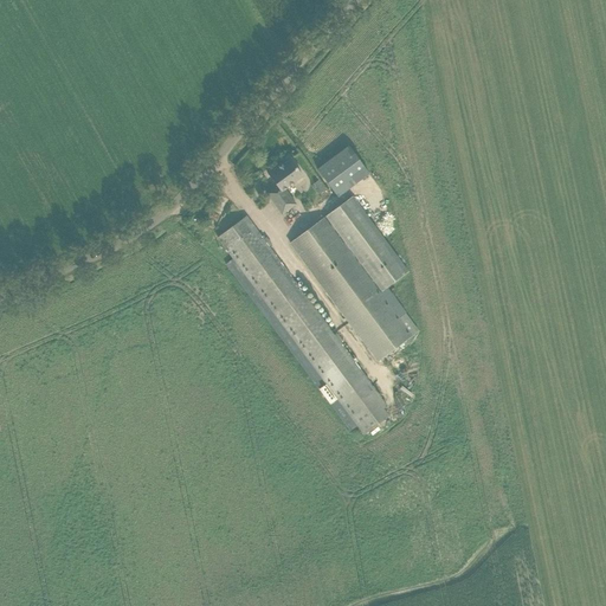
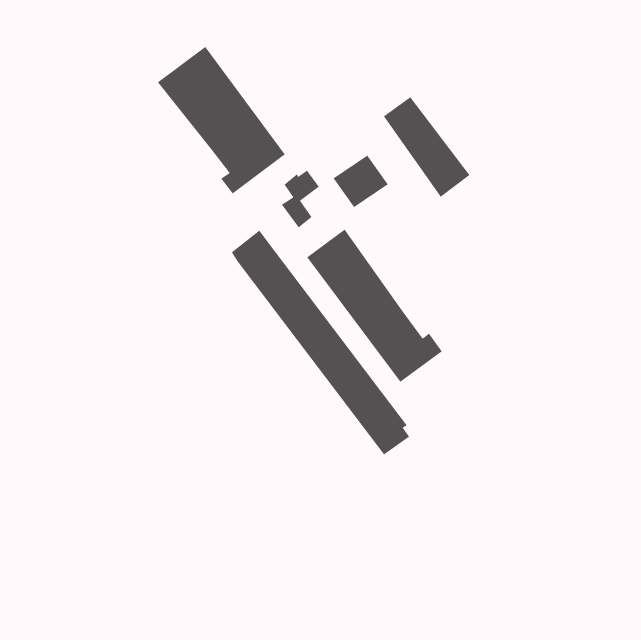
building: none -> [157,46,286,195]
building: [325,198,408,294] -> [383,96,471,198]

